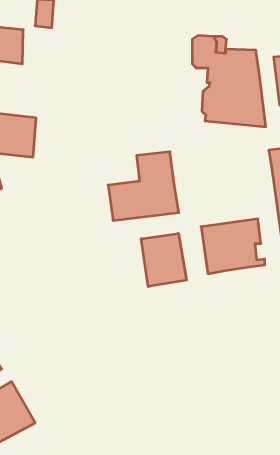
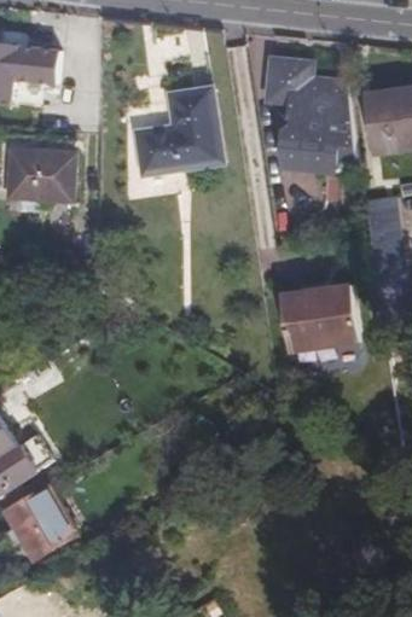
building: [108,152,179,220] -> [134,93,221,177]
building: [141,233,187,287] -> none

